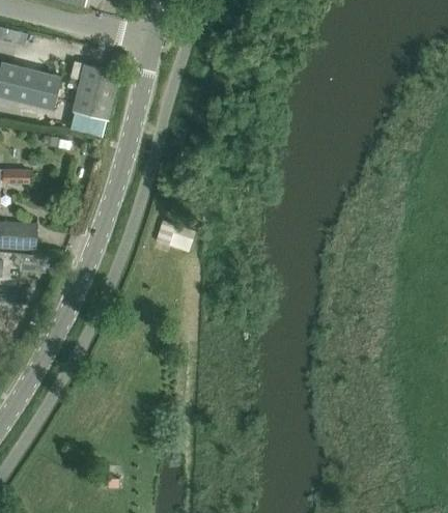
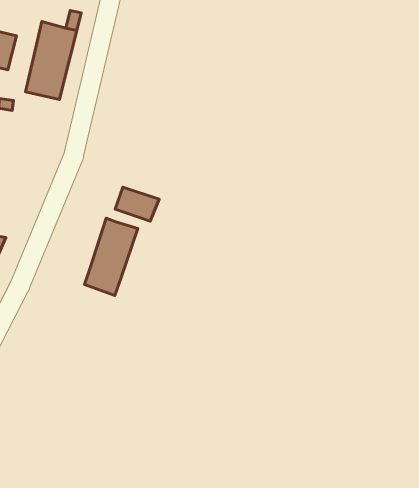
building: none -> [85,218,138,295]

